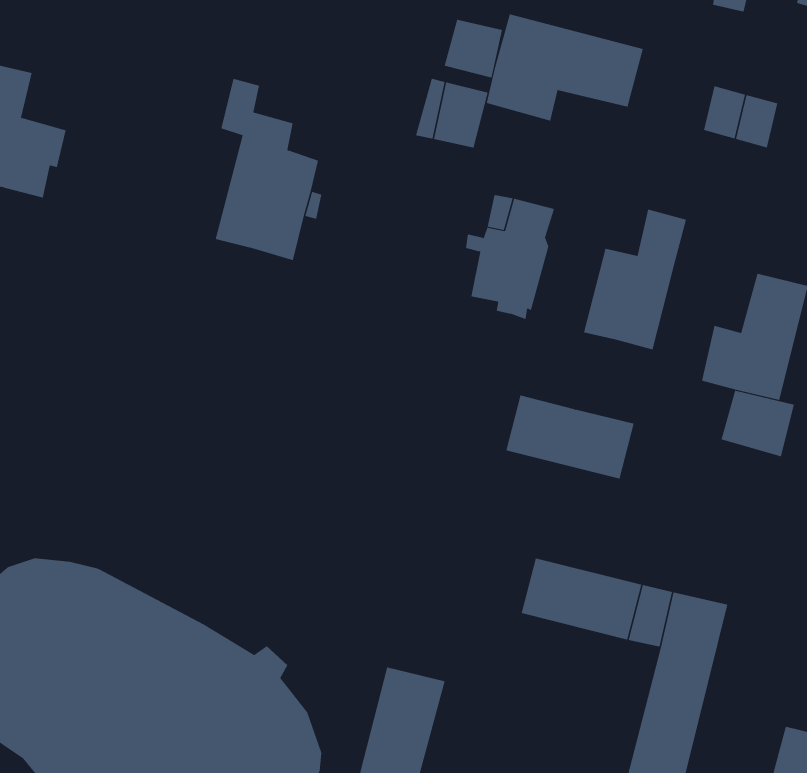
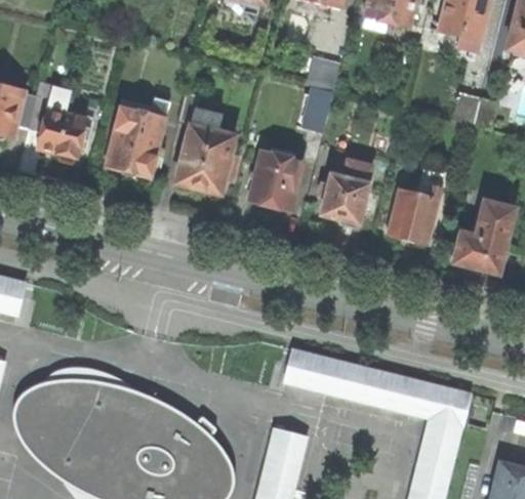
building: [486,14,644,122] -> none
building: none -> [105,107,164,177]
building: none -> [247,150,302,212]
building: [721,390,794,457] -> none
building: [506,395,634,479] -> [284,349,358,398]

